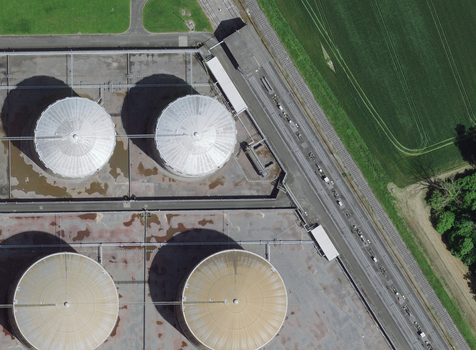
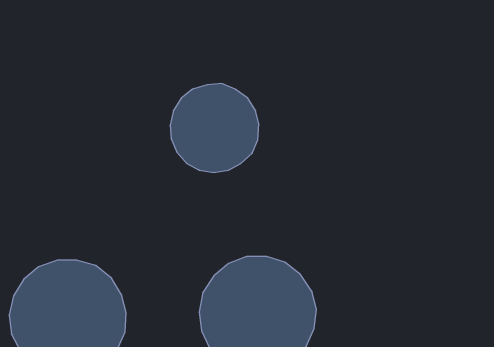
building: [33,99,112,177] -> none

